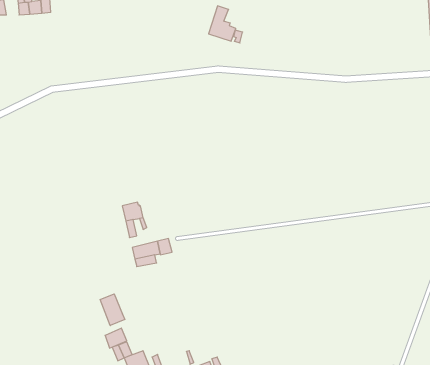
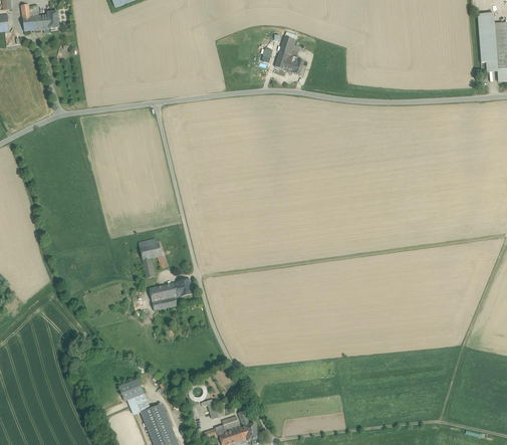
building: [209,6,236,41] -> [275,36,305,75]
building: [100,294,125,326] -> none

